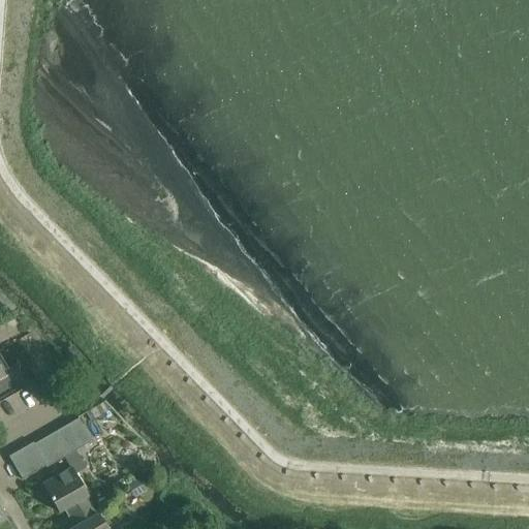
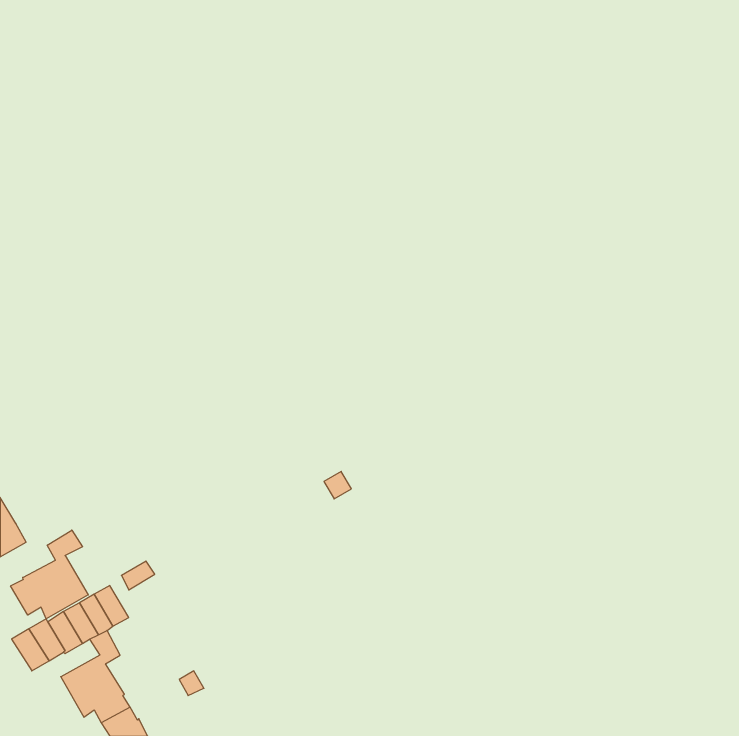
building: none -> [11,530,88,619]

